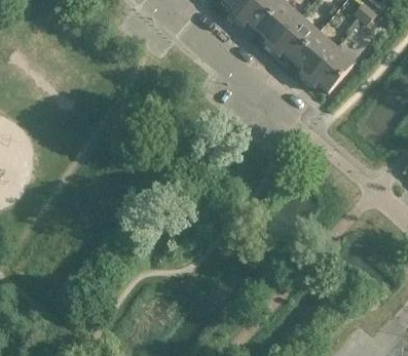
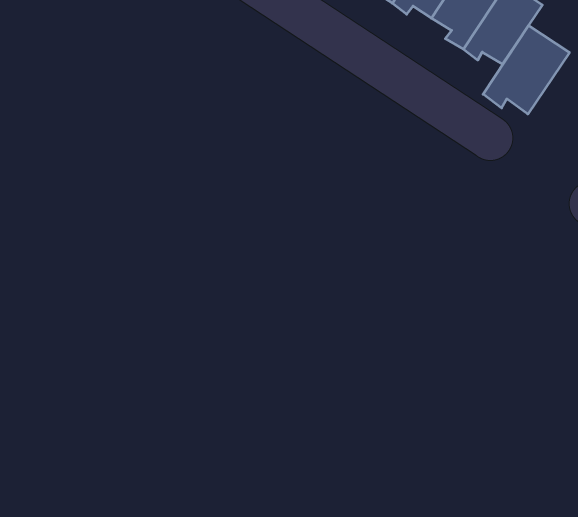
building: none -> [483,26,569,114]

